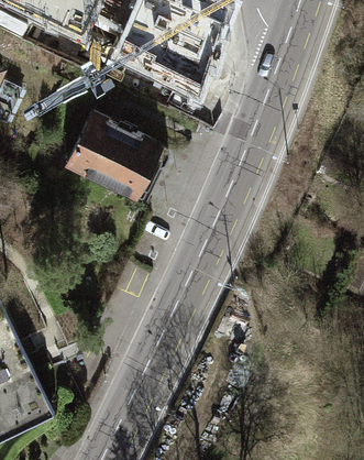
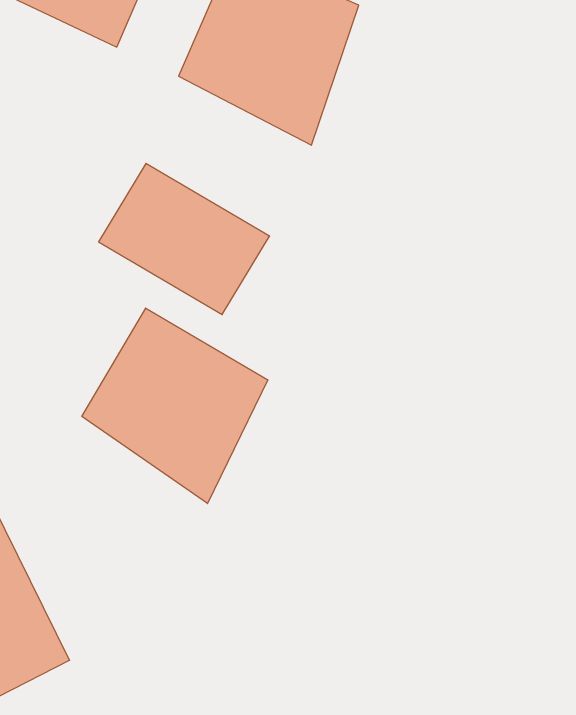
building: none -> [82,308,268,504]

